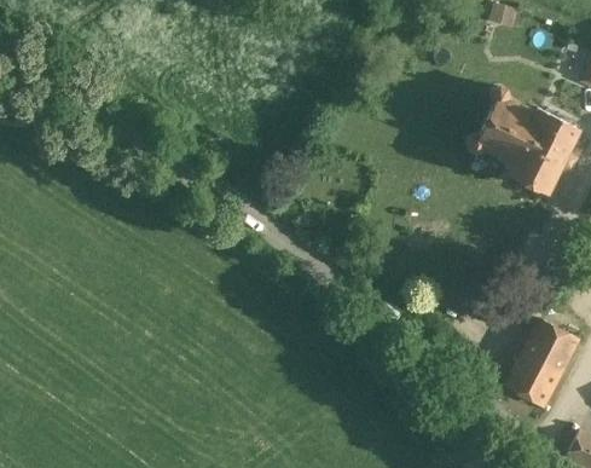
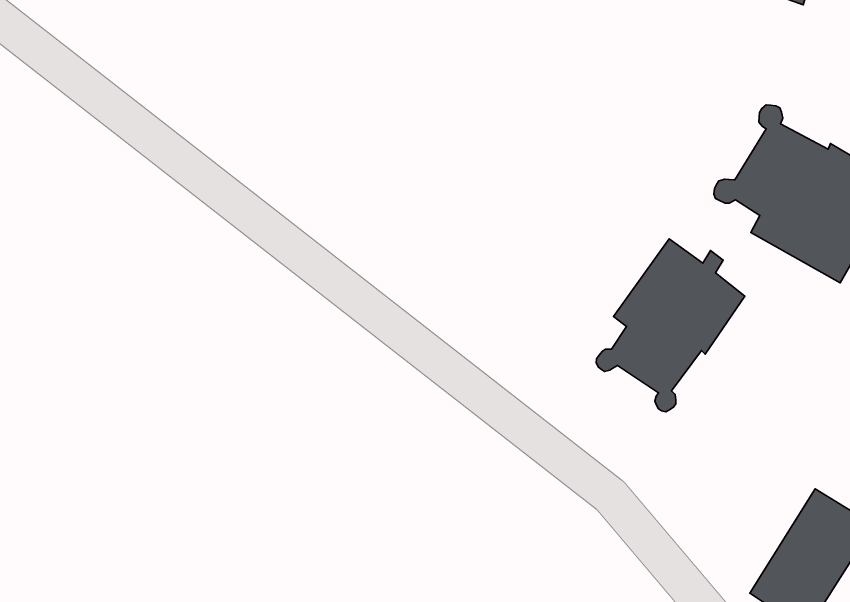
building: none -> [596,239,745,412]

